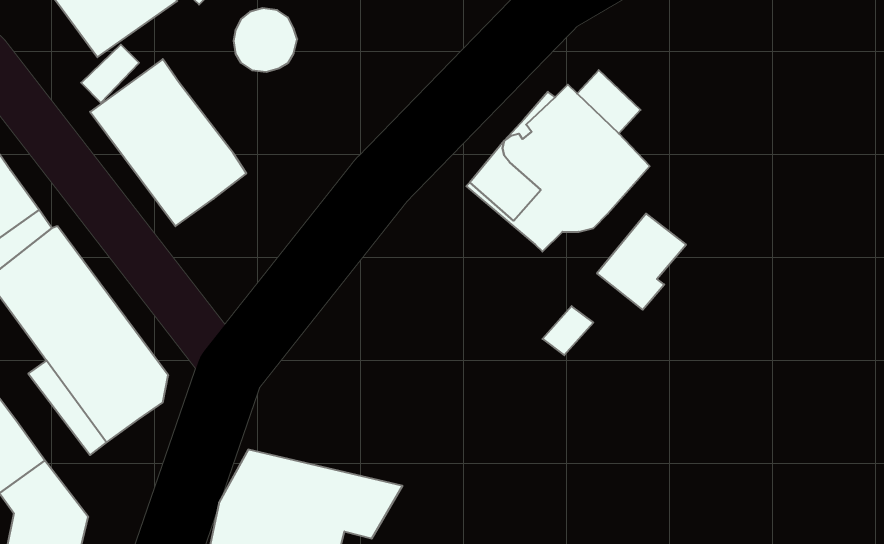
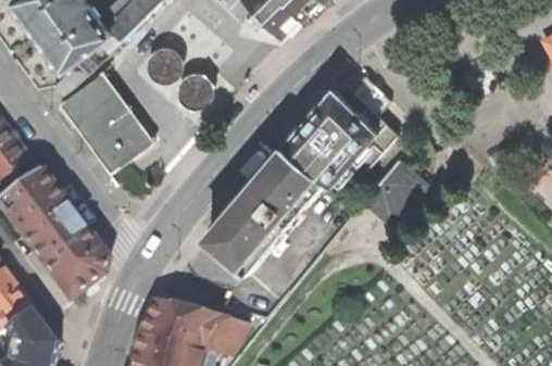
building: none -> [177,66,215,104]
building: none -> [205,144,326,272]

